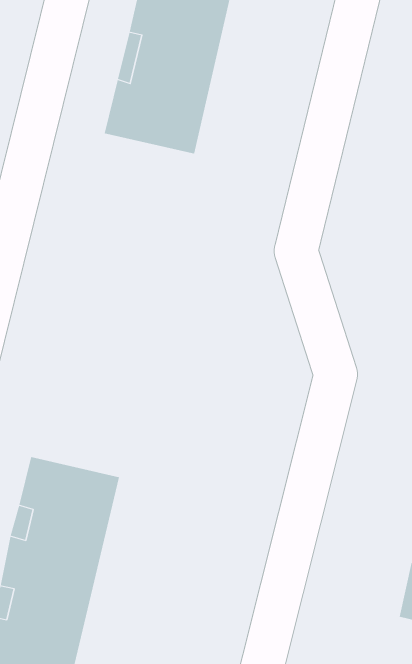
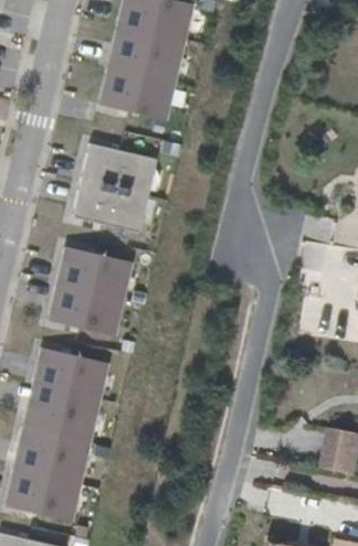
building: none -> [72,143,157,234]
building: none -> [49,247,134,336]

